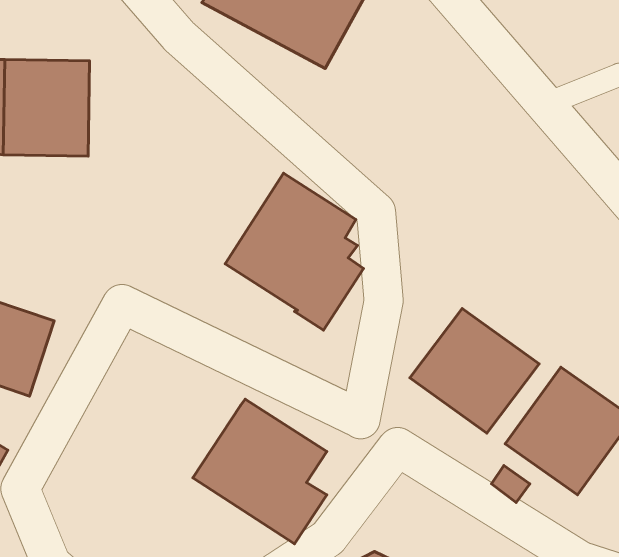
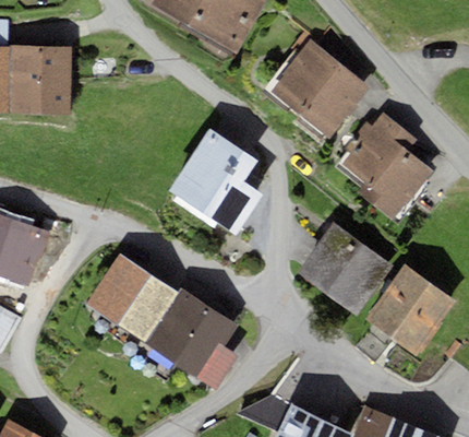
building: none -> [268,42,369,139]
building: none -> [342,111,431,218]
building: none -> [85,253,177,343]

